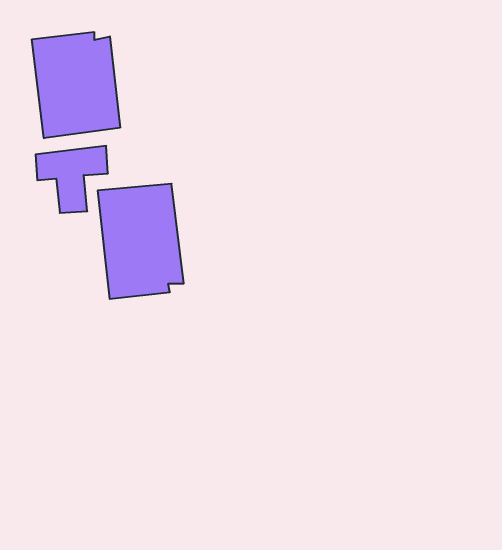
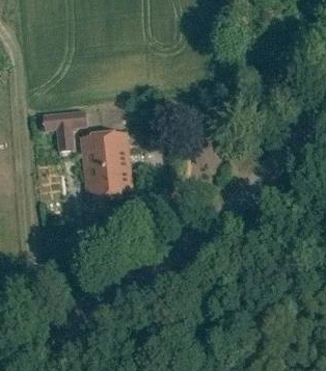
building: [32,32,120,138] -> none

